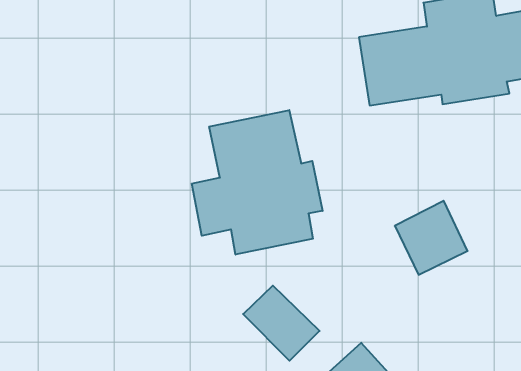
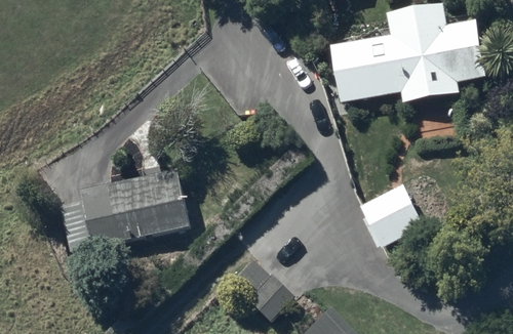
building: [192,110,323,255] -> none
building: none -> [57,168,189,248]

